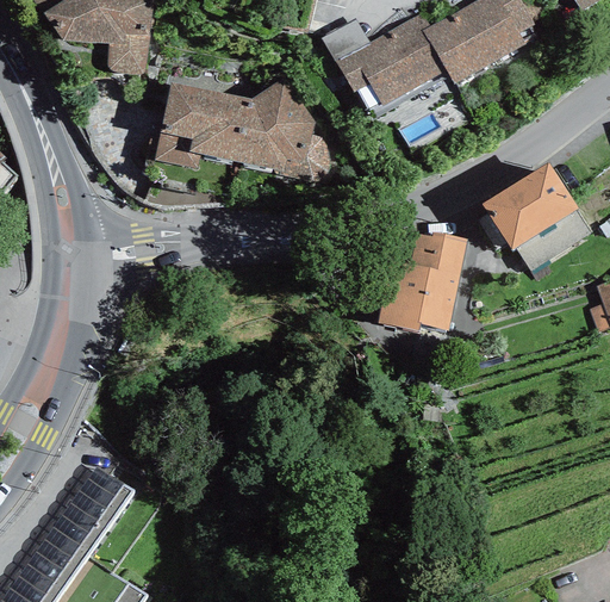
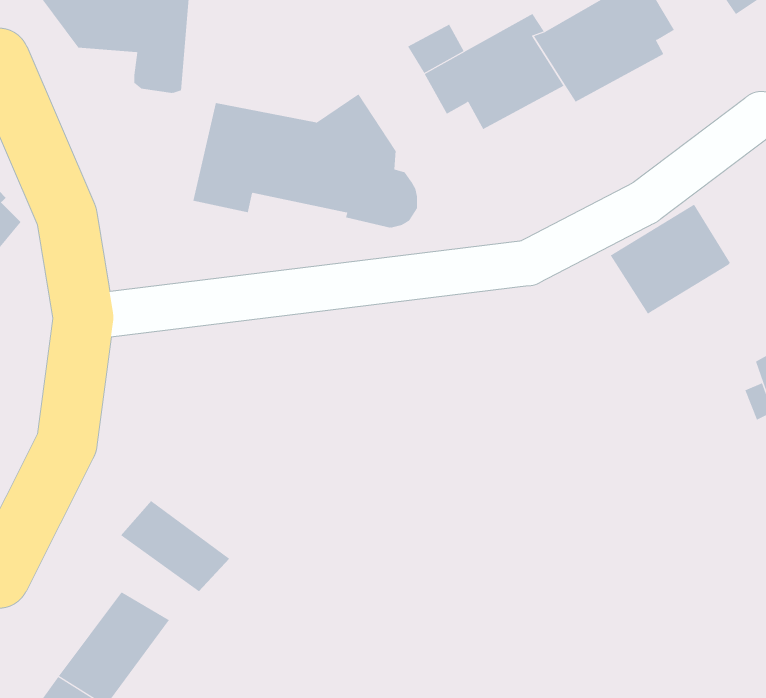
building: [515,210,590,271] -> none
building: [376,229,466,330] -> none
building: none -> [120,500,230,592]

